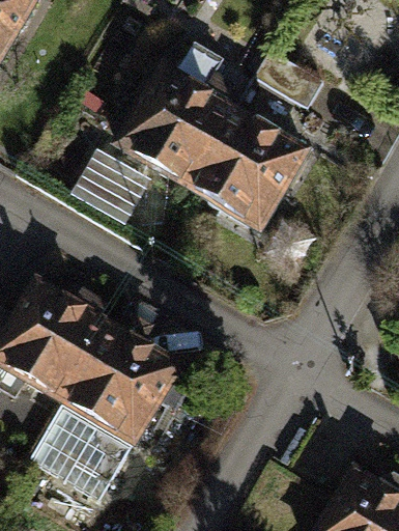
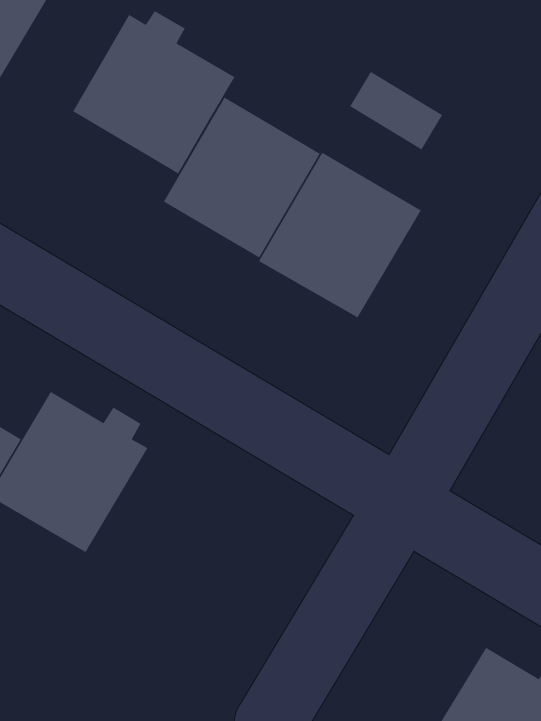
building: none -> [72,10,235,175]
building: [31,315,179,501] -> none

